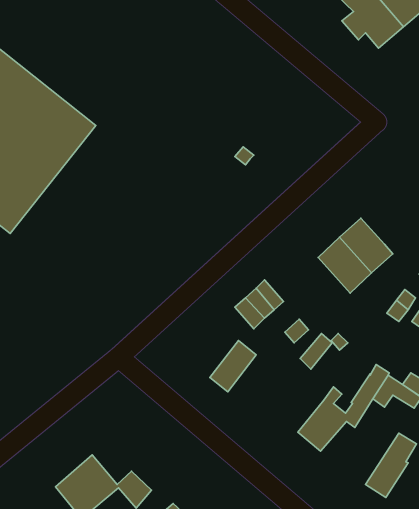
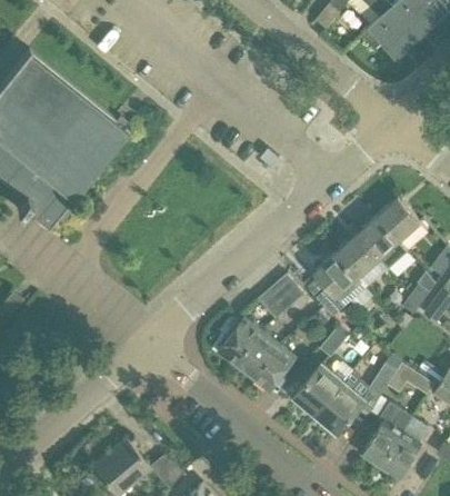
building: none -> [377,199,419,241]
building: none -> [316,254,367,317]
building: none -> [218,318,262,366]
building: none -> [252,345,296,393]
building: none -> [296,363,352,417]
building: none -> [362,404,412,466]

